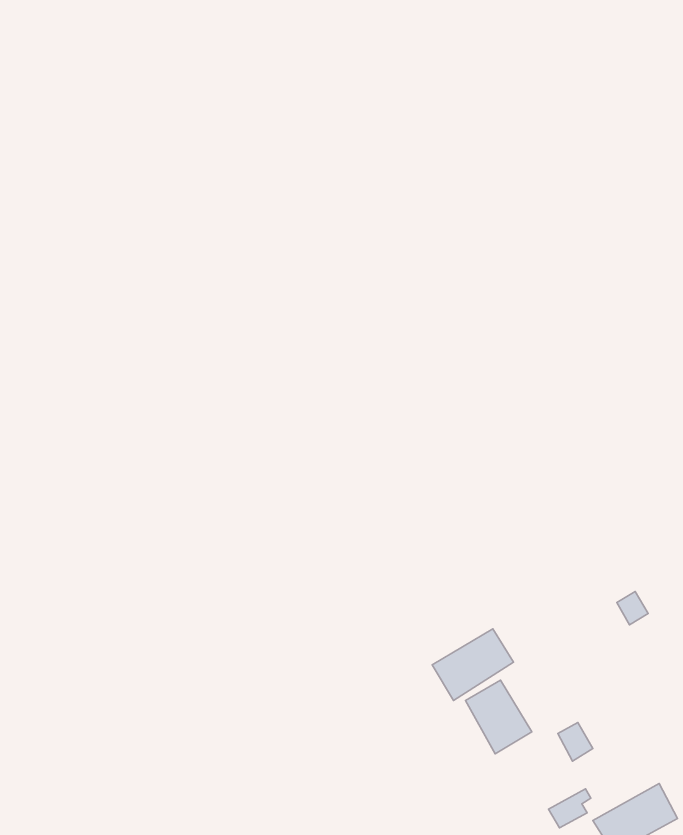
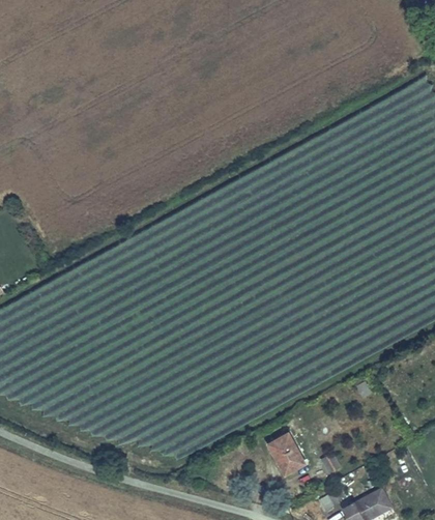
building: [432,629,514,701] -> none

